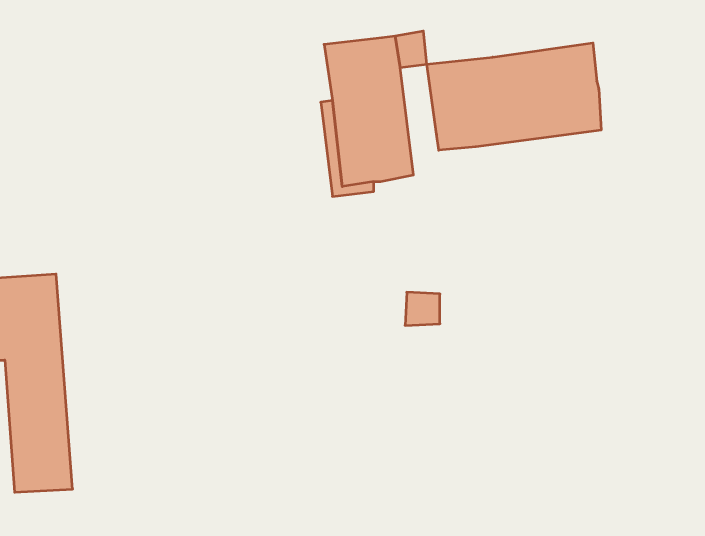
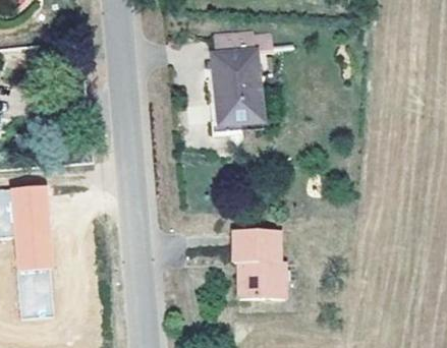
building: [427,43,601,150] -> none
building: none -> [232,231,284,298]

